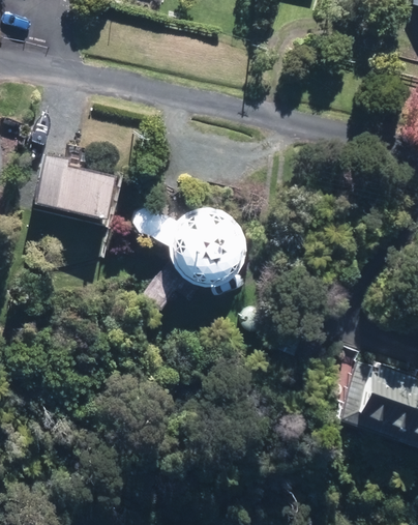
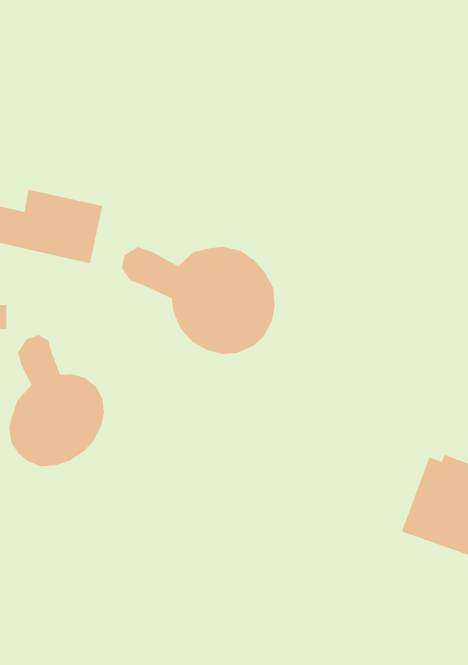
building: none -> [9,334,105,467]

